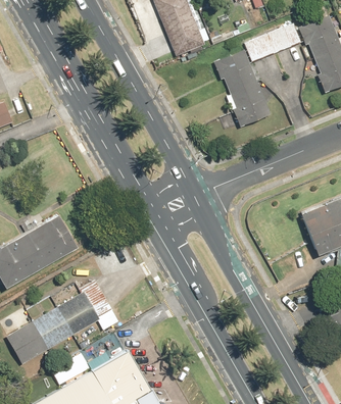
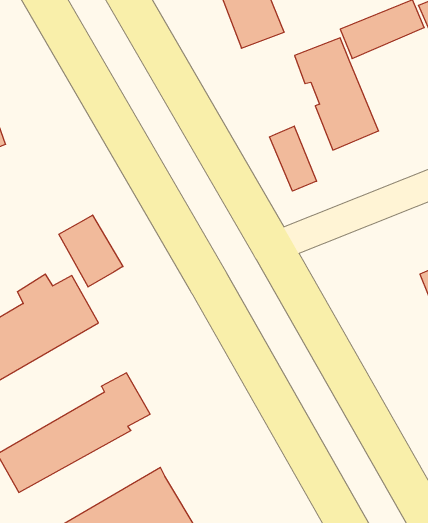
building: none -> [269,126,317,191]
building: none -> [59,215,123,287]

